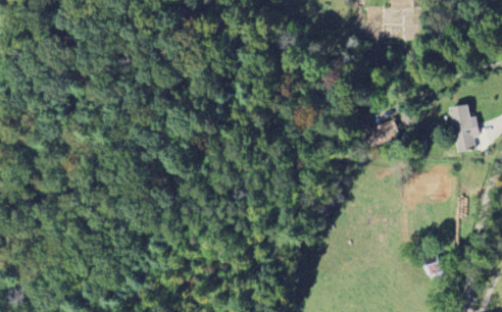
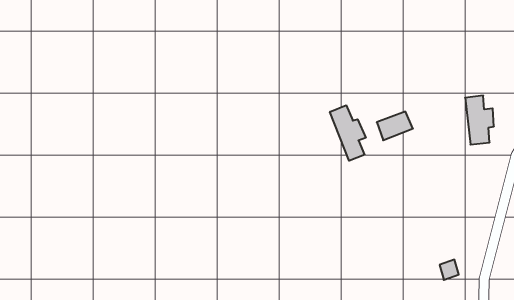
building: none -> [330,105,366,161]

